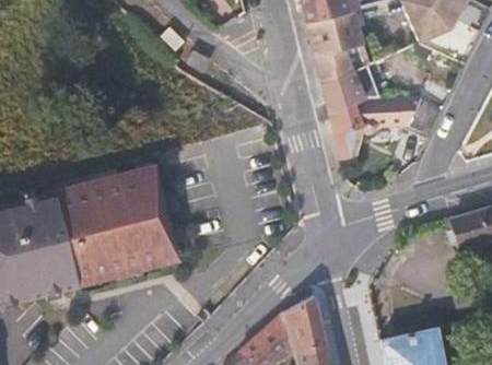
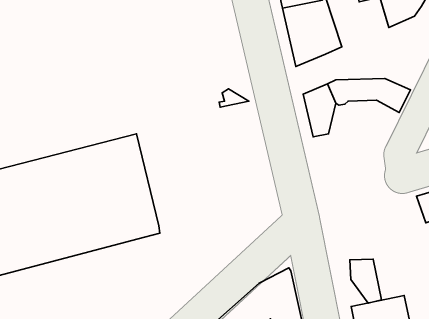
building: [321,69,364,111] -> none
building: none -> [350,259,381,303]

